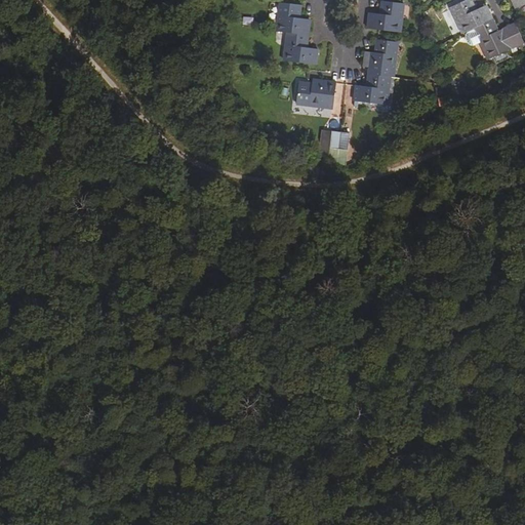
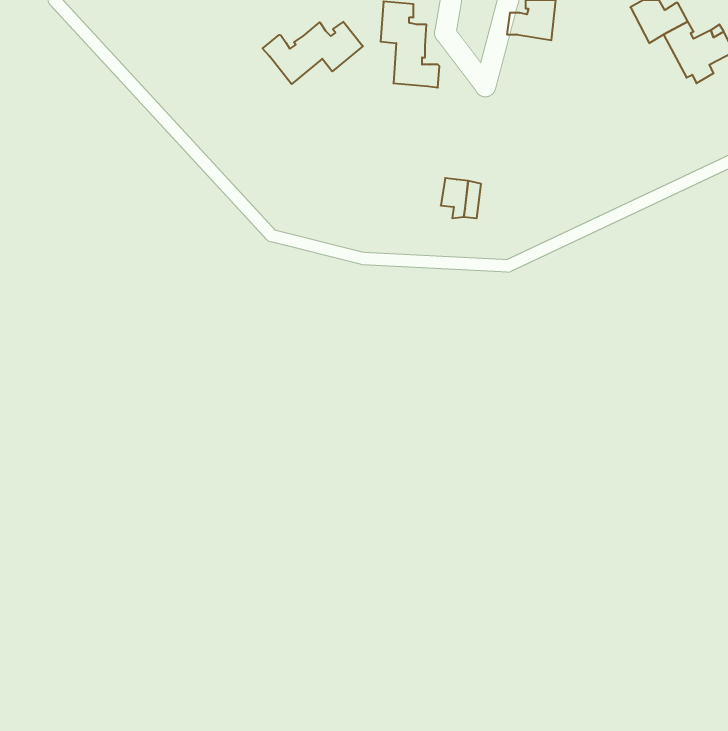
building: none -> [263,22,363,84]
building: [353,38,396,104] -> none
building: [296,80,335,108] -> none

